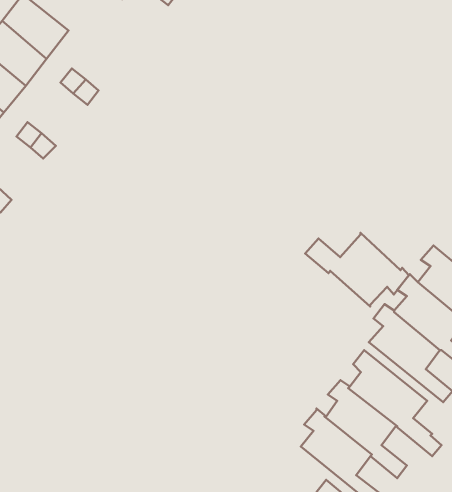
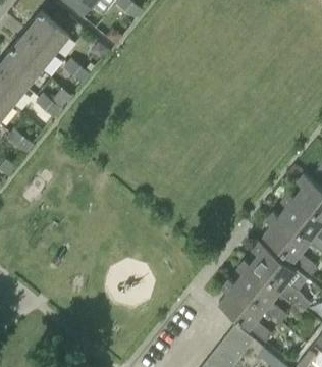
building: [305,233,409,306] -> none

